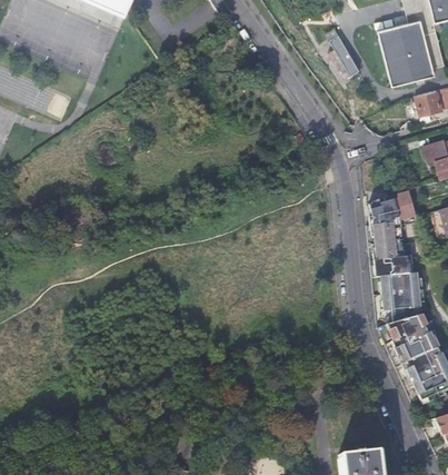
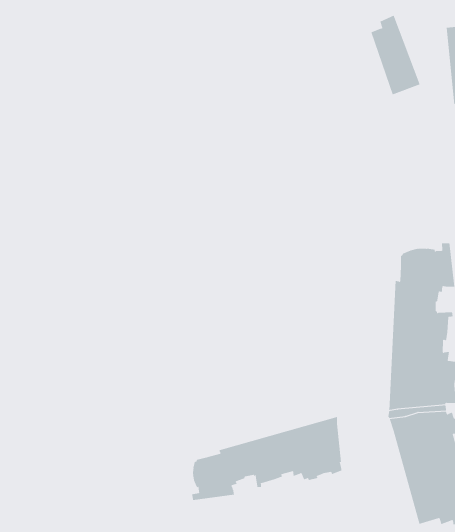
building: none -> [192,416,342,501]

